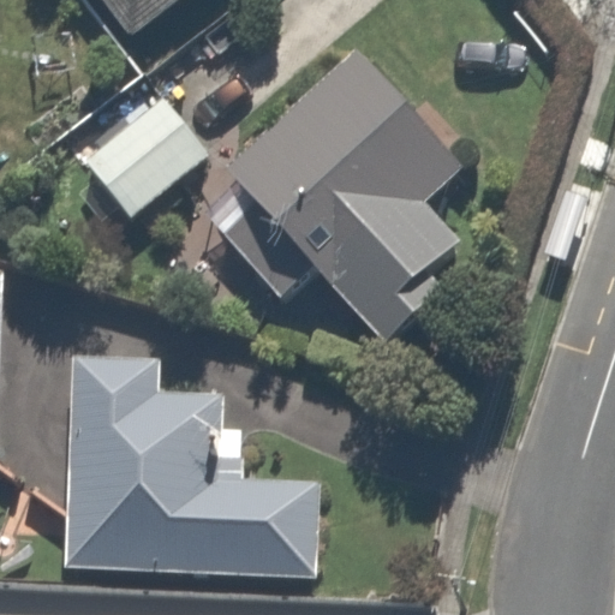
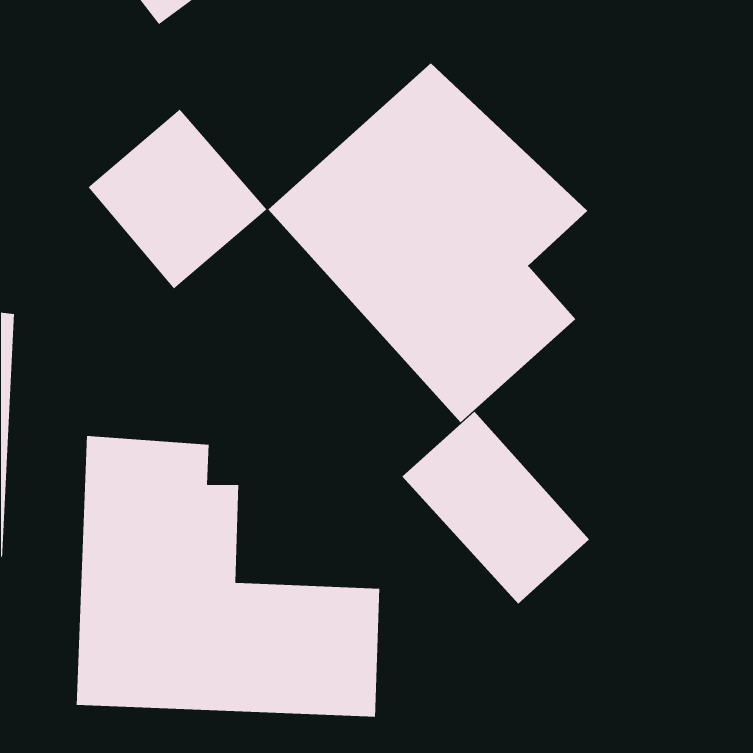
building: none -> [401,411,590,604]

